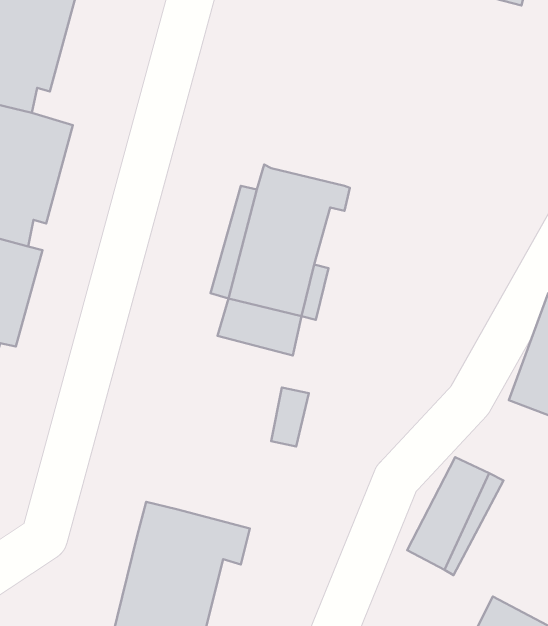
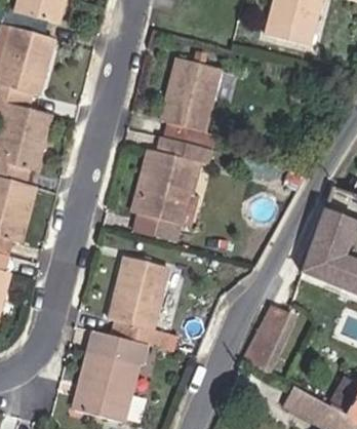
building: none -> [161,57,220,149]
building: none -> [110,257,176,351]

